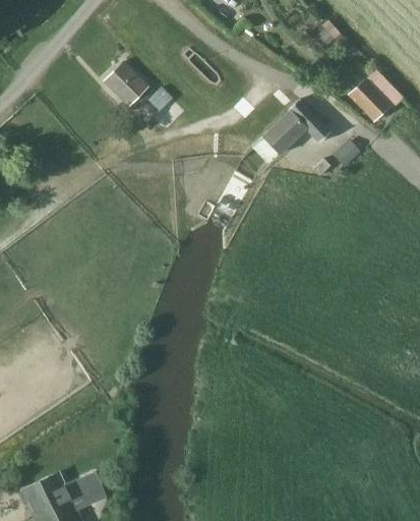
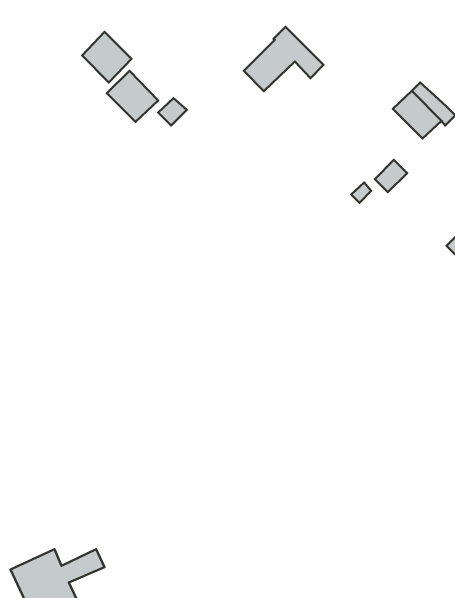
building: none -> [82,32,131,82]
building: [262,100,331,155] -> [244,27,324,91]

